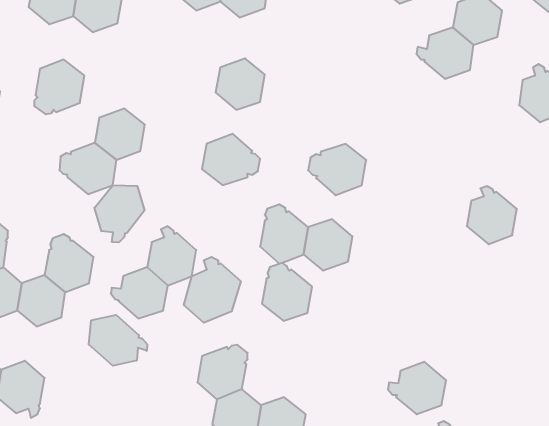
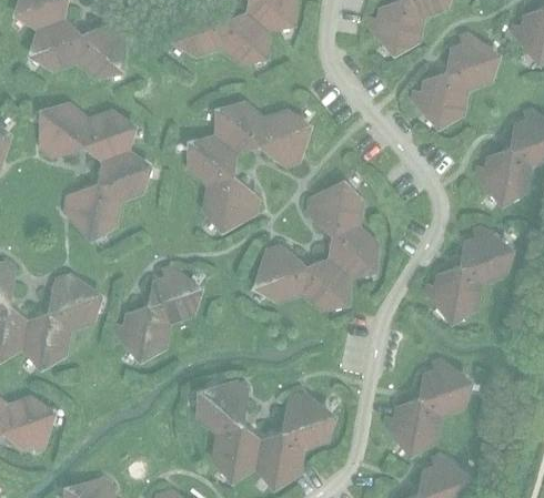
building: none -> [259,110,305,167]
building: none -> [83,111,131,161]
building: none -> [188,136,235,186]
building: none -> [475,149,531,199]
building: [94,185,144,242] -> none
building: none -> [329,226,376,276]
building: none -> [424,266,481,317]
building: [184,257,241,323] -> none
building: [262,263,312,321] -> [282,393,331,449]
building: [89,315,147,366] -> none
building: none -> [419,359,467,416]

